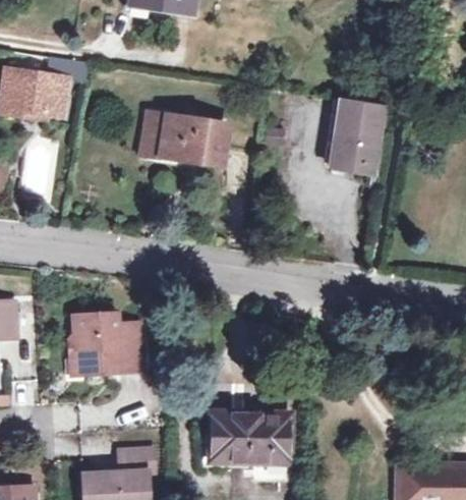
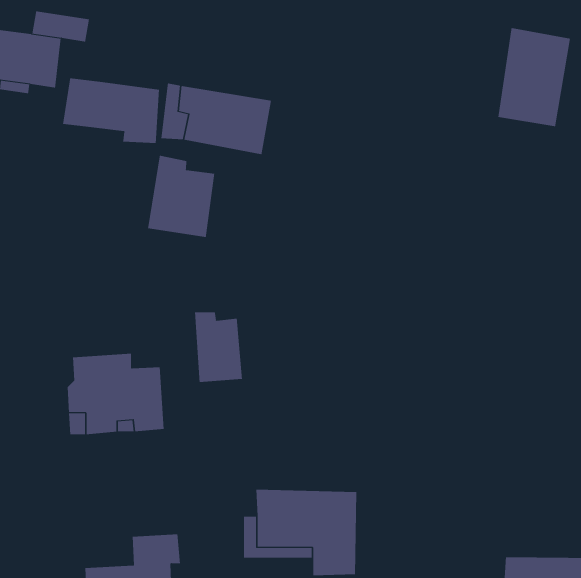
building: [329,98,384,172] -> [497,28,571,127]
building: none -> [62,77,160,144]
building: none -> [147,155,215,238]
building: none -> [195,312,243,383]

